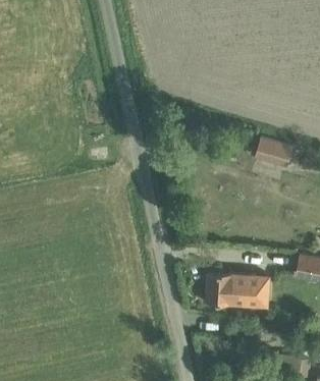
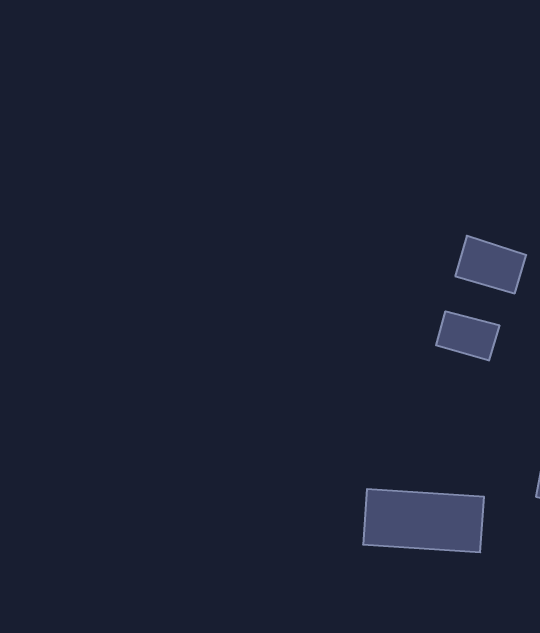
building: none -> [436,311,499,361]

